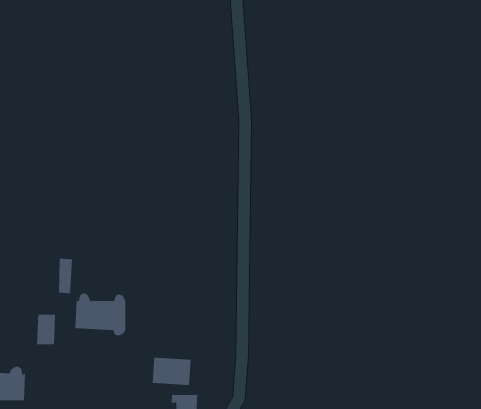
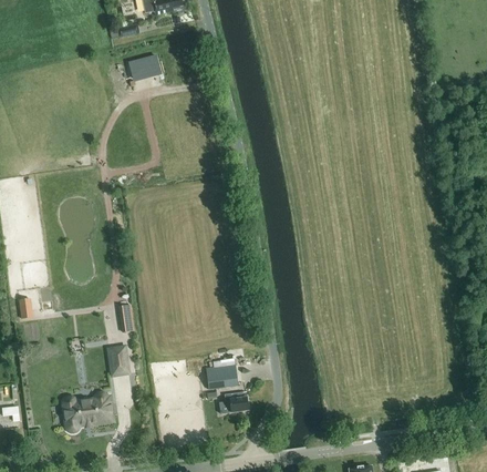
building: [75,293,126,336] -> none

